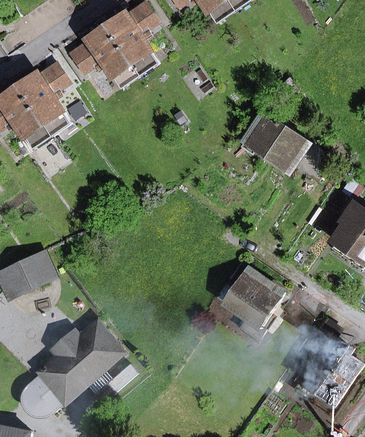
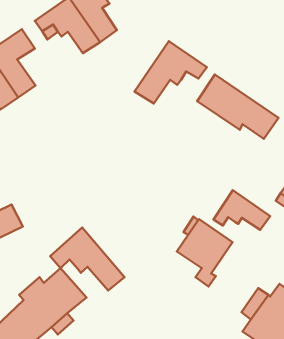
building: none -> [134,41,207,104]
building: none -> [214,190,270,230]
building: none -> [50,227,125,290]

